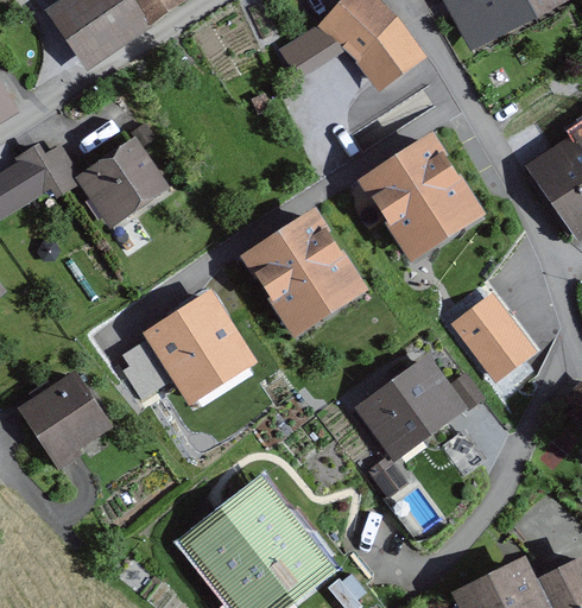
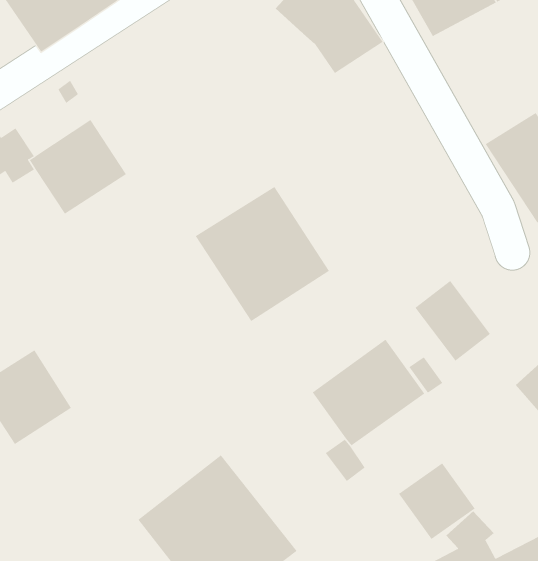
building: [278,26,344,80] -> none
building: [355,128,486,262] -> none
building: [120,297,254,401] -> none
building: none -> [398,462,475,540]

